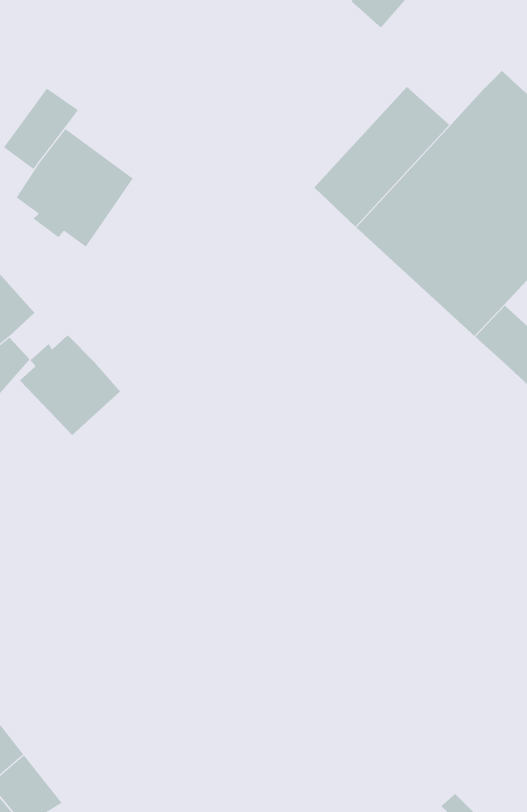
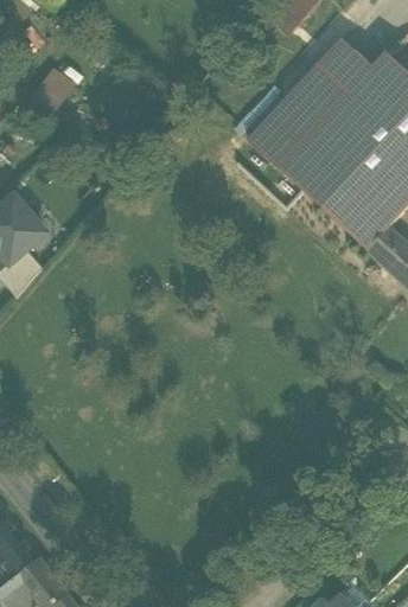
building: none -> [318,38,374,92]
building: [16,128,133,248] -> none
building: [19,335,121,436] -> none

